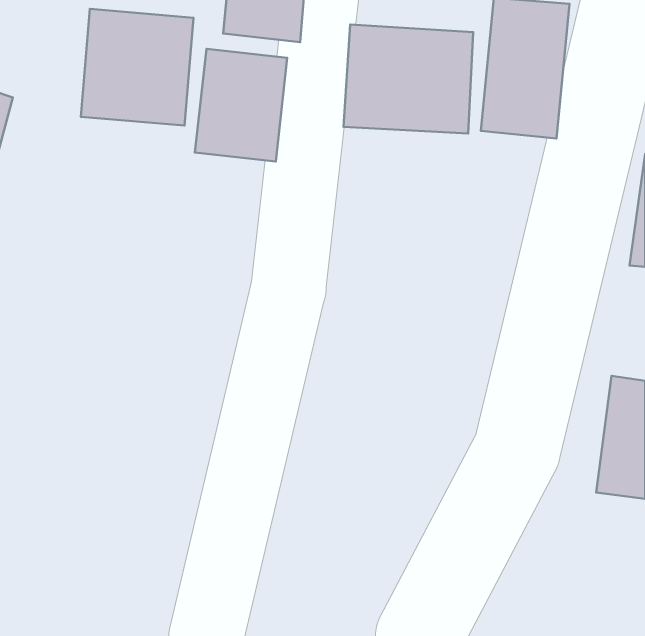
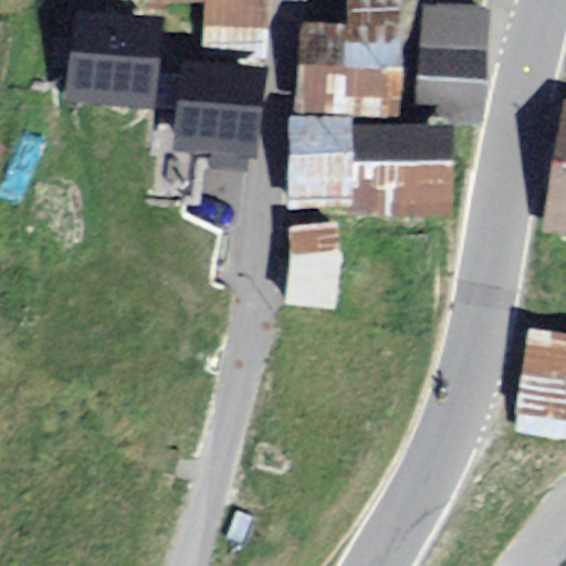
building: none -> [281,116,454,220]
building: none -> [283,222,340,306]

